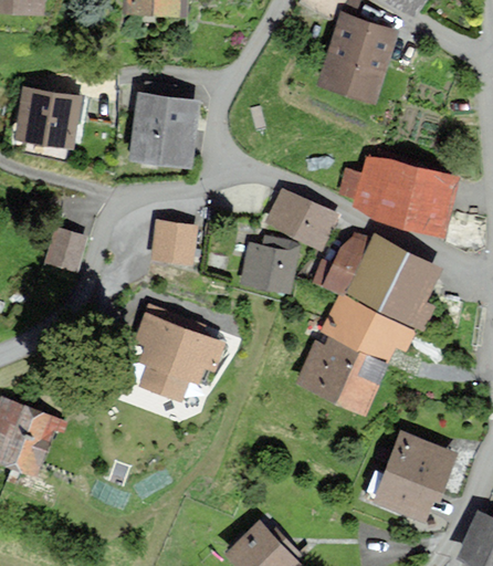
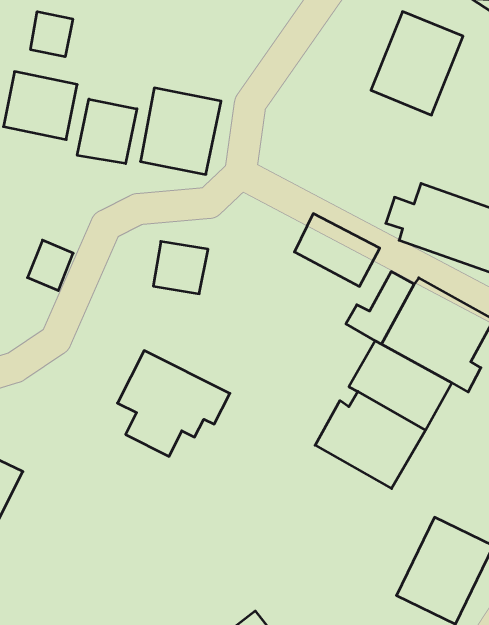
building: none -> [31,12,73,57]
building: none -> [77,99,137,164]
building: [243,238,297,287] -> none

